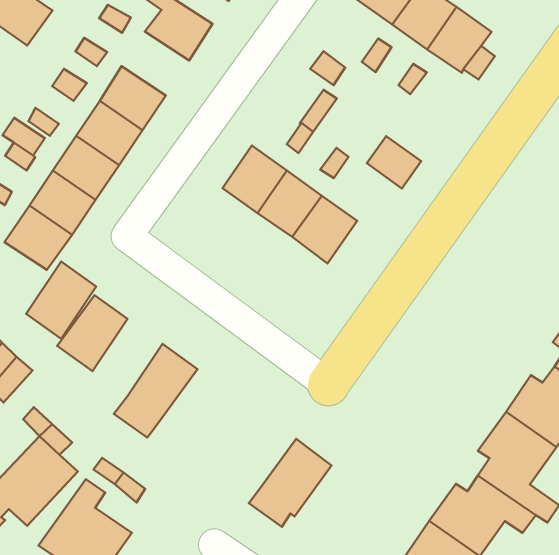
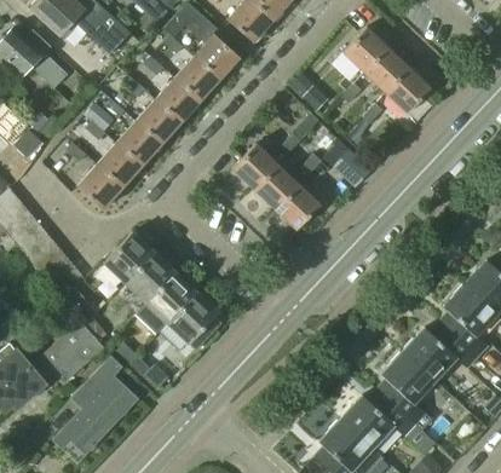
building: none -> [173,54,220,100]
building: [26,261,96,339] -> [125,250,175,304]
building: [249,439,332,527] -> [159,292,219,351]

